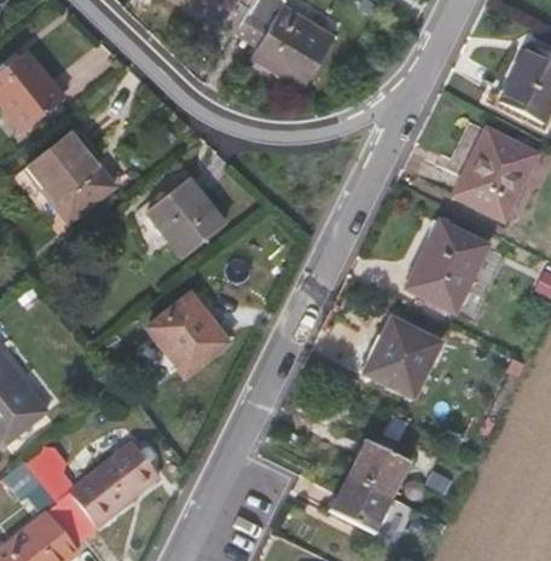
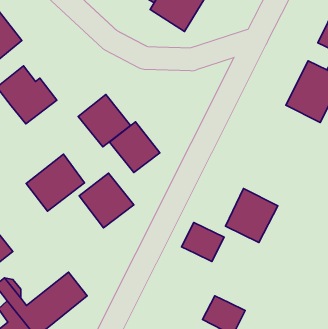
building: none -> [109,122,160,173]
building: [407,221,488,311] -> none
building: none -> [26,154,85,211]
building: [348,439,411,497] -> [182,222,224,262]

